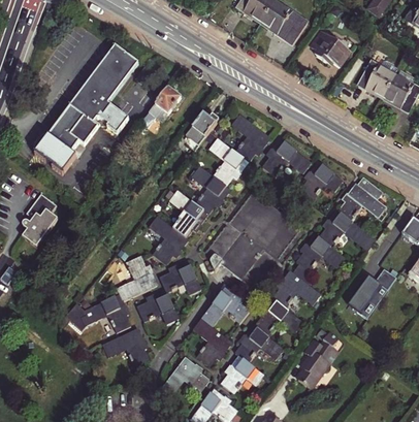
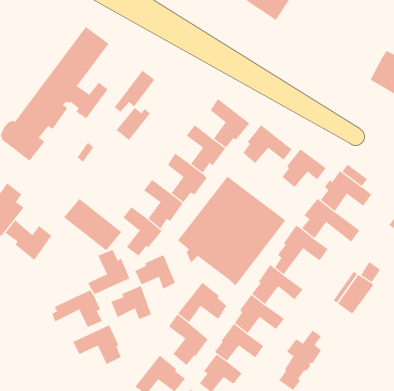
building: [313,30,351,64] -> none
building: [359,61,395,96] -> none
building: [186,113,219,145] -> [116,107,151,141]
building: none -> [63,198,122,251]
building: none -> [5,219,52,261]

